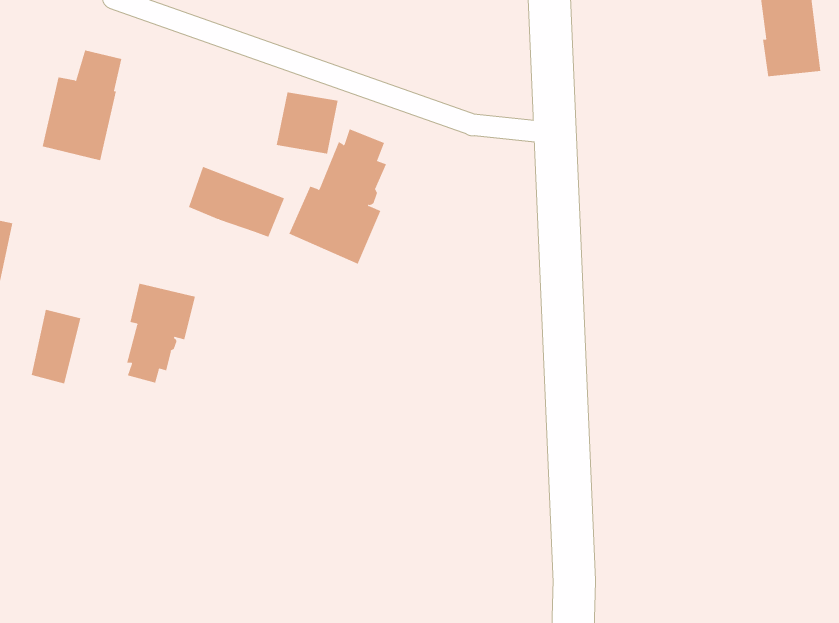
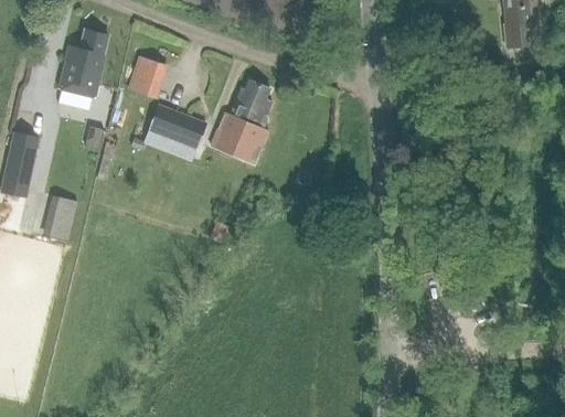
building: [276,92,339,154] -> [135,55,173,94]
building: [127,283,195,384] -> none

